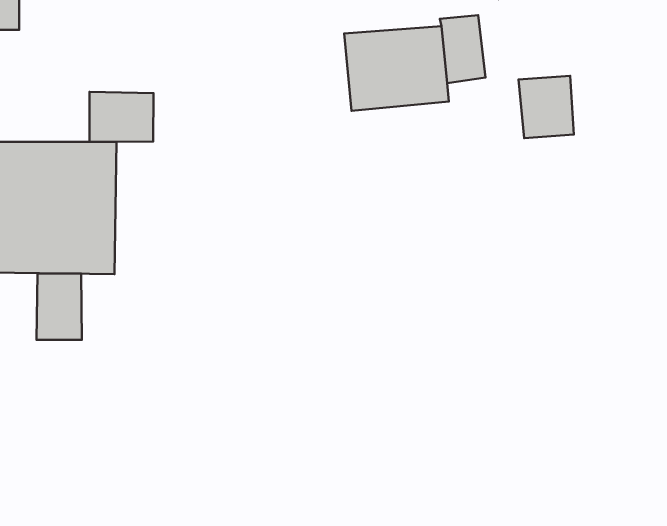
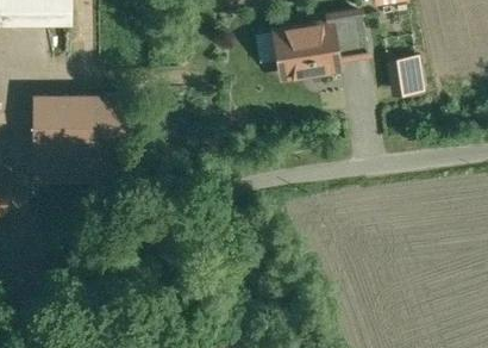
building: [90,92,153,142] -> none
building: [36,273,82,340] -> none

